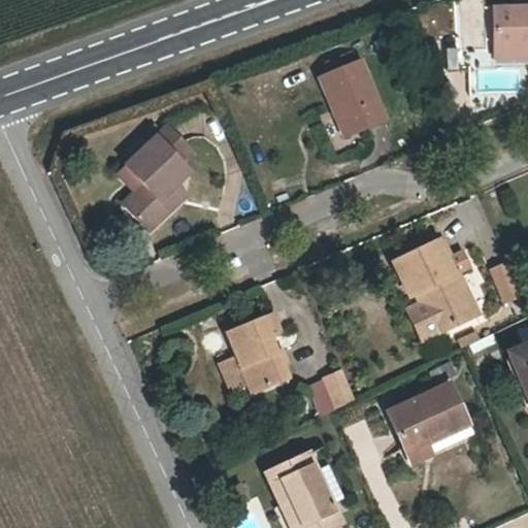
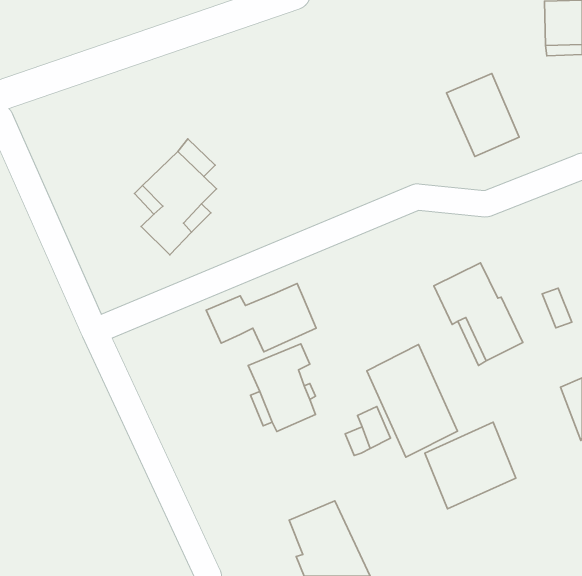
building: [319,59,385,134] -> [446,73,519,156]
building: none -> [206,284,316,352]
building: none -> [367,345,457,457]

